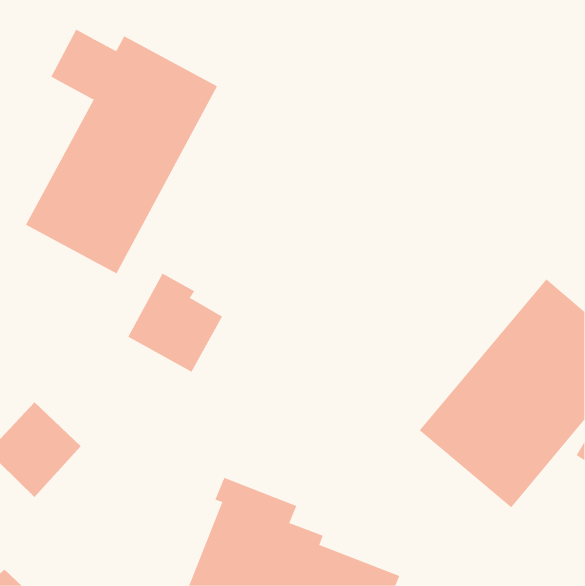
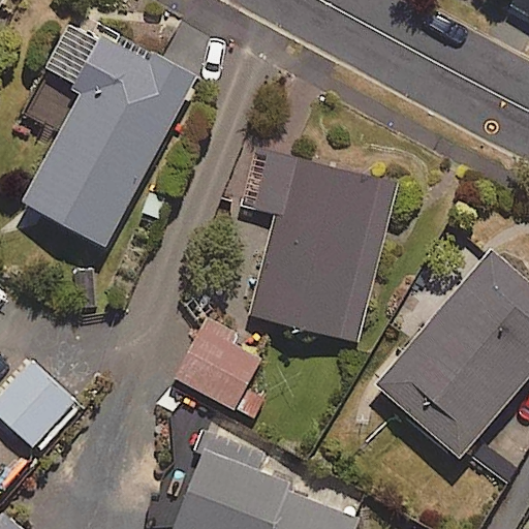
building: none -> [250,150,398,341]
building: [128,273,223,373] -> [176,319,261,409]

